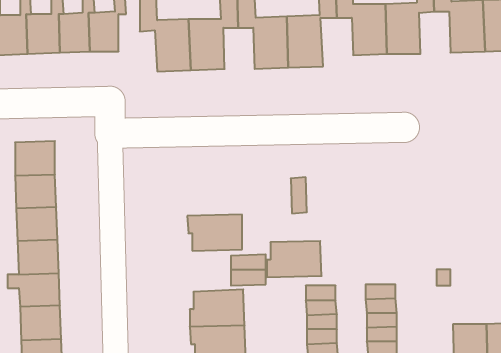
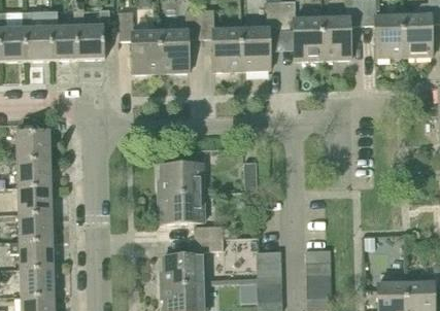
building: [267,241,322,277] -> [159,163,204,193]

